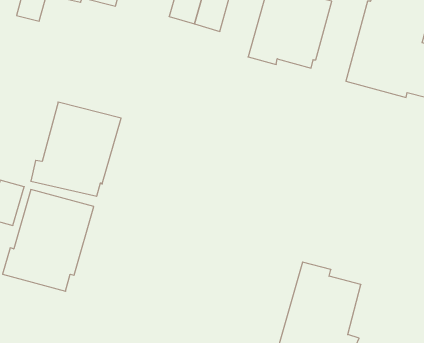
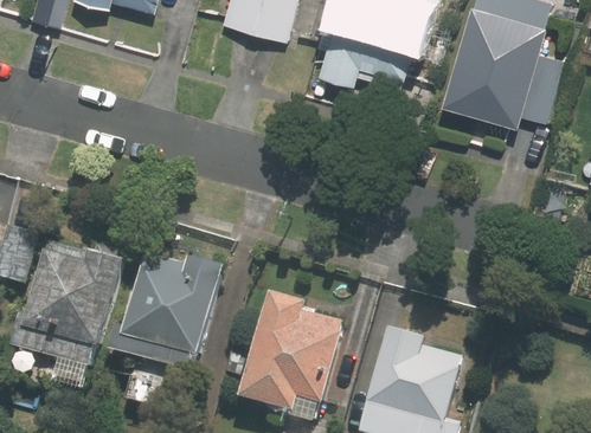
building: [31,102,121,196] -> [109,254,223,373]
building: none -> [239,292,343,422]

